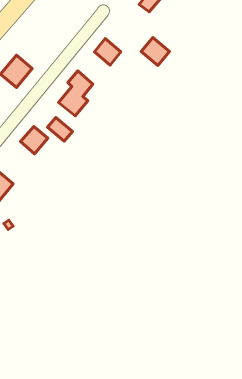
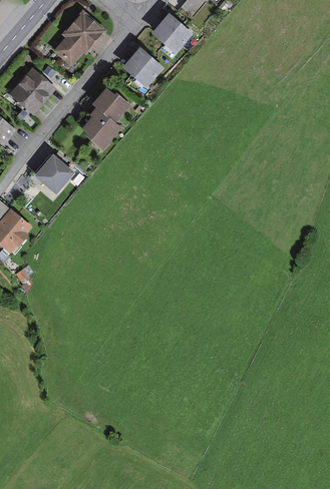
building: none -> [56,12,102,61]
building: [141,37,170,66] -> [154,15,189,49]
building: [47,118,73,141] -> none

